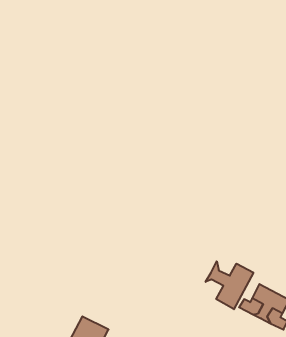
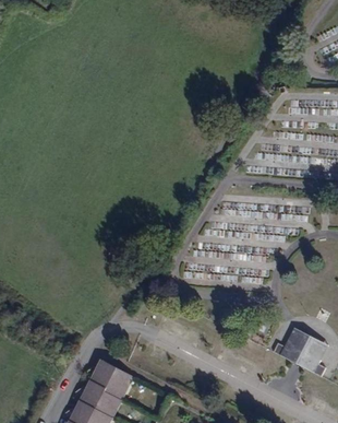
building: [206,261,253,309] -> none

